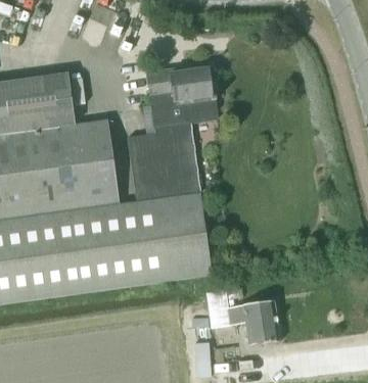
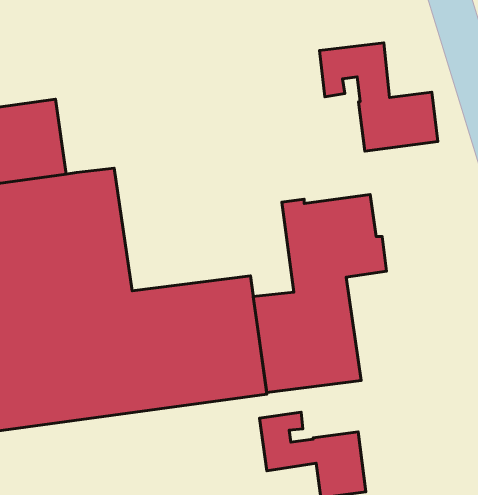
building: none -> [319,43,438,151]
building: [127,66,218,201] -> [253,195,387,392]

